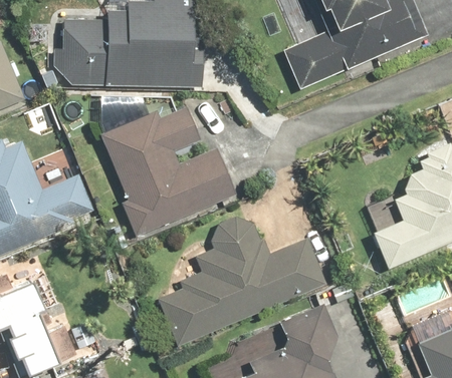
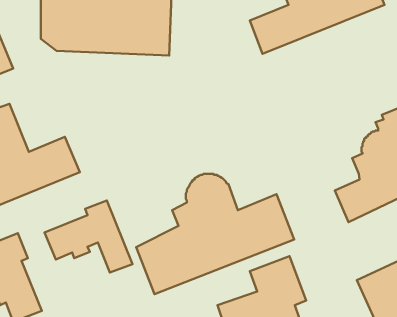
building: [96,105,235,240] -> none
building: none -> [45,200,132,273]

